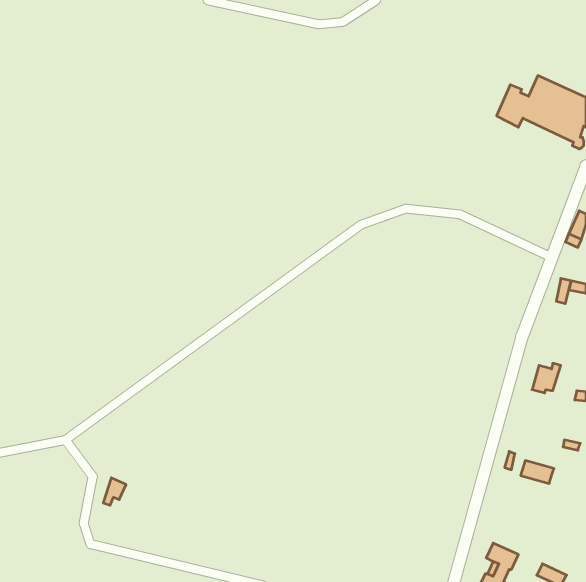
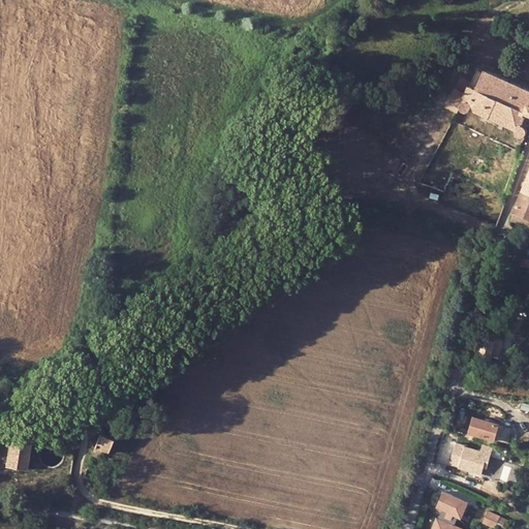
building: none -> [6,437,31,470]
building: none -> [460,445,493,474]

